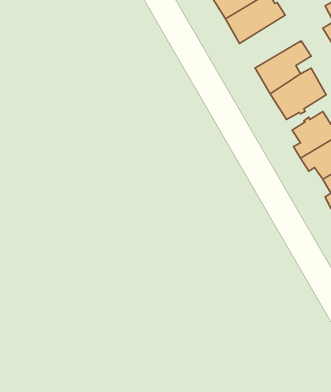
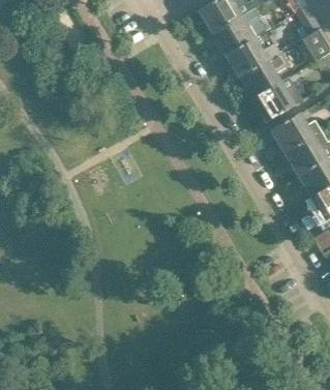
building: none -> [226,28,279,80]

